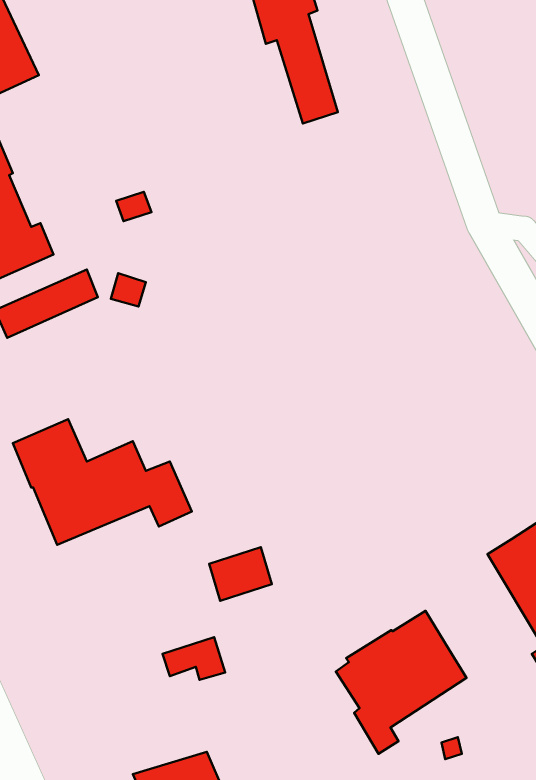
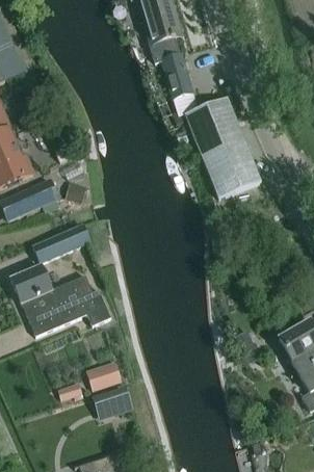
building: none -> [186,98,261,199]
building: none -> [32,222,94,263]
building: [209,547,272,601] -> [87,360,123,390]
building: [336,611,467,754] -> none

